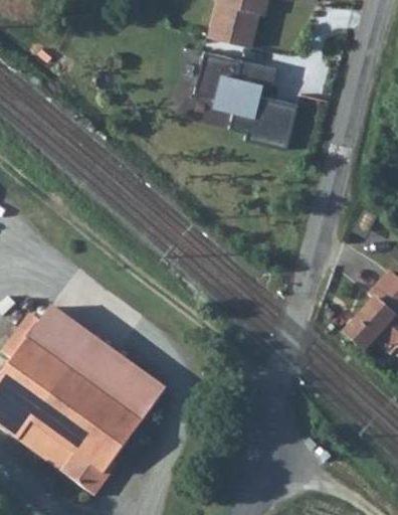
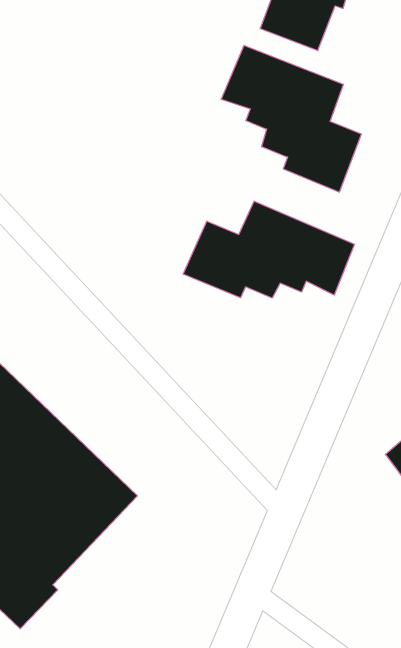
building: none -> [183,201,354,298]

